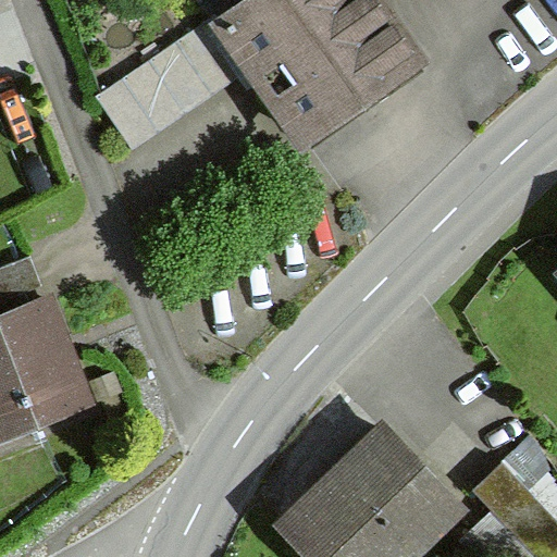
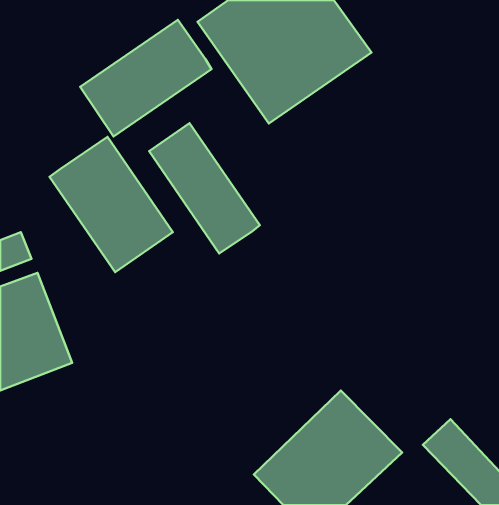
building: none -> [149,123,260,254]
building: none -> [50,137,173,272]

